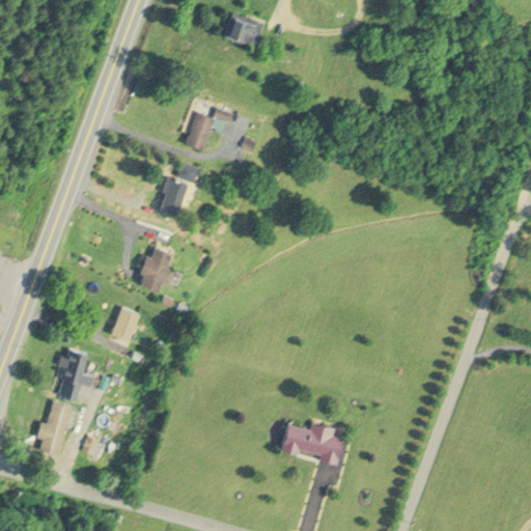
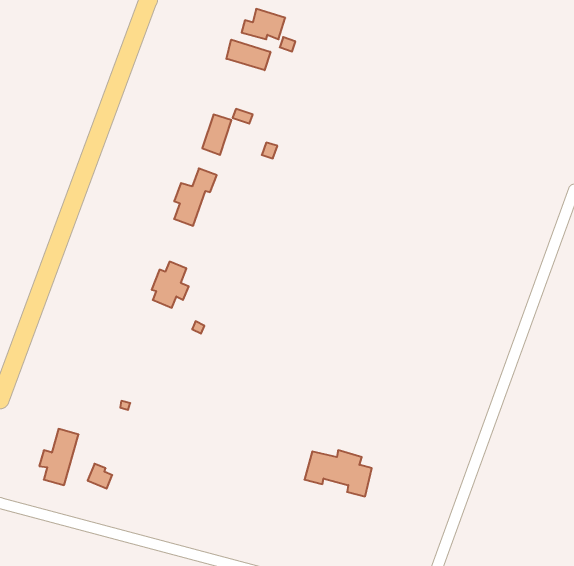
building: none -> [226,40,270,70]
building: [112,307,140,340] -> none
building: [60,348,94,398] -> none

